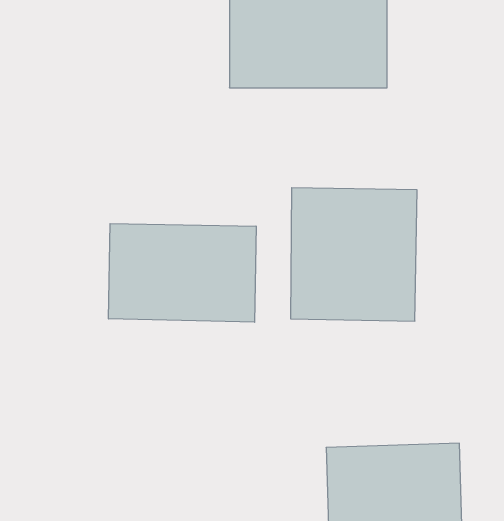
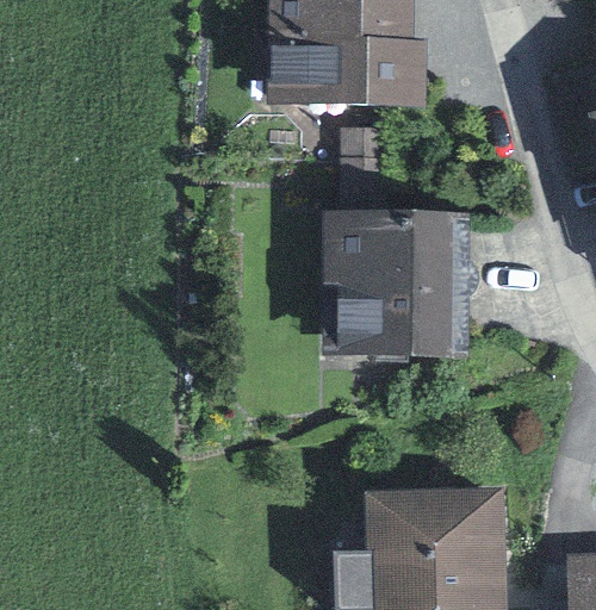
building: [109,224,256,322] -> none

